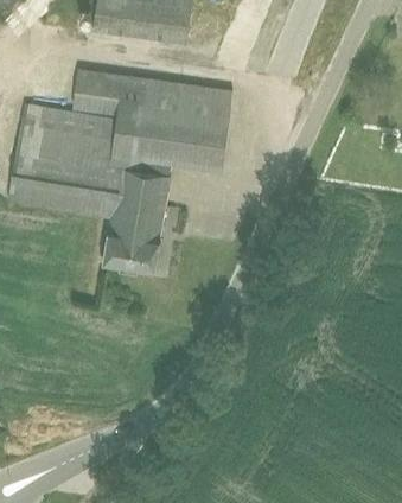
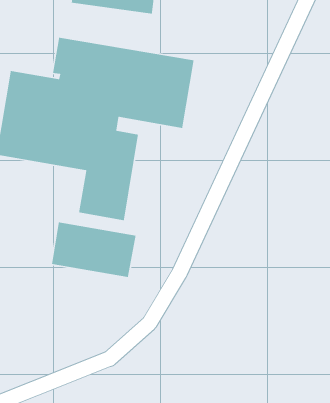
building: none -> [51,222,137,278]

